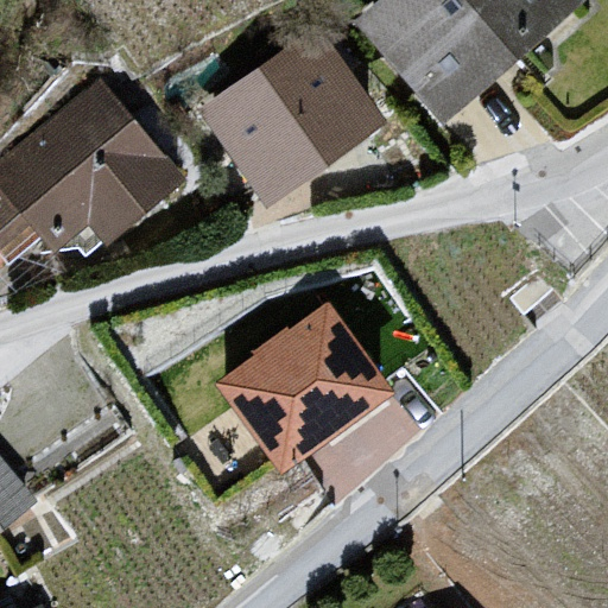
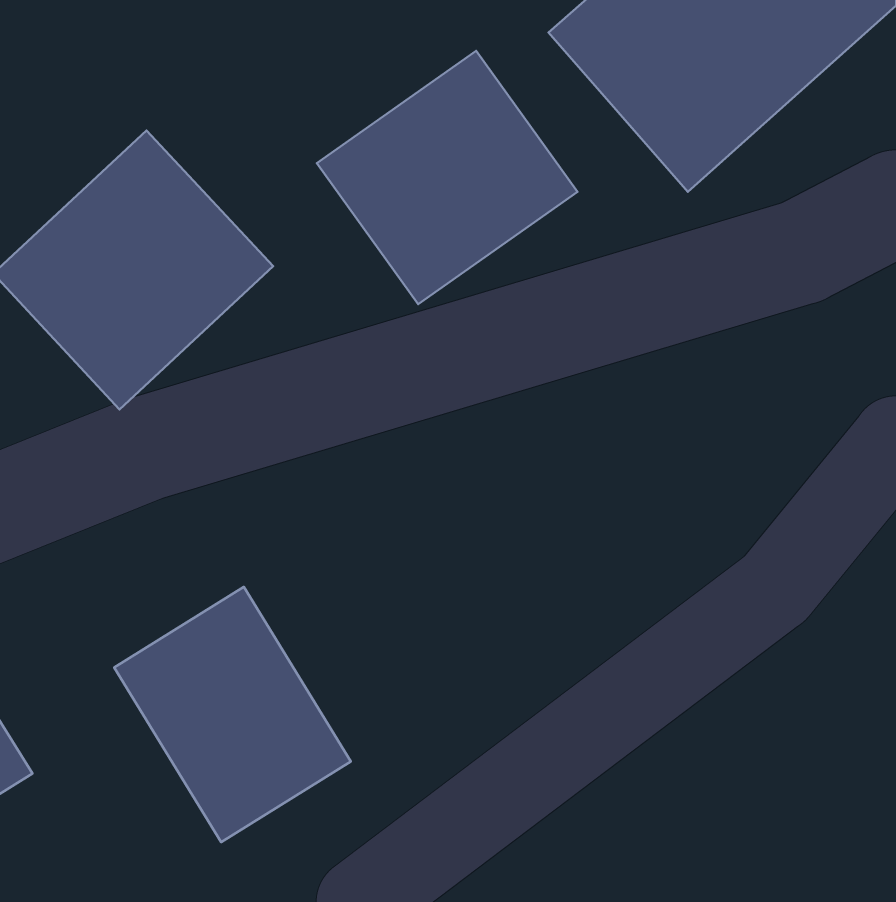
building: [194,276,378,452] -> none
building: none -> [114,587,351,842]

